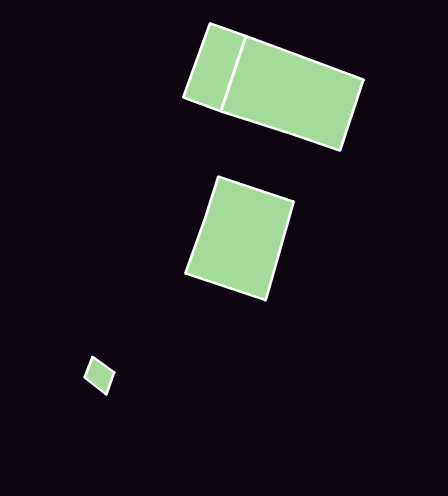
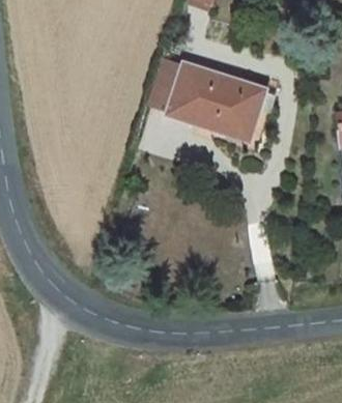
building: [186,177,293,300] -> none

